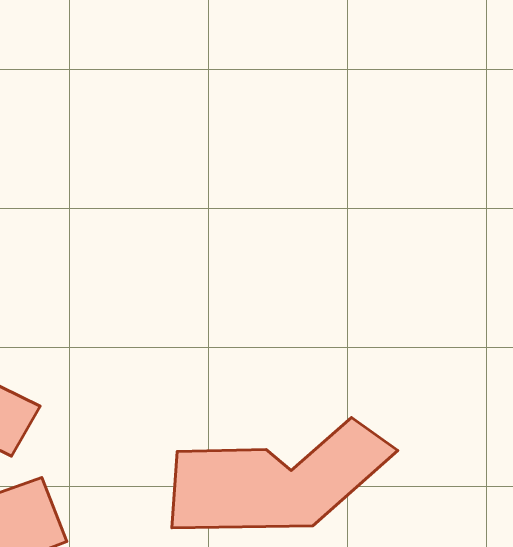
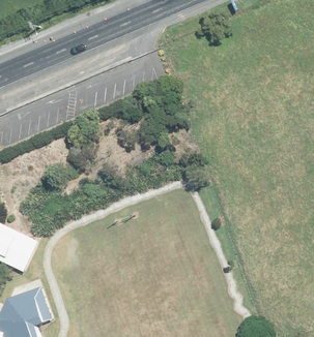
building: [172,417,398,528] -> none

